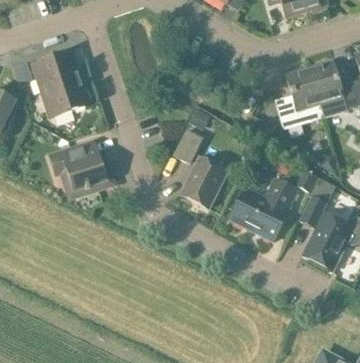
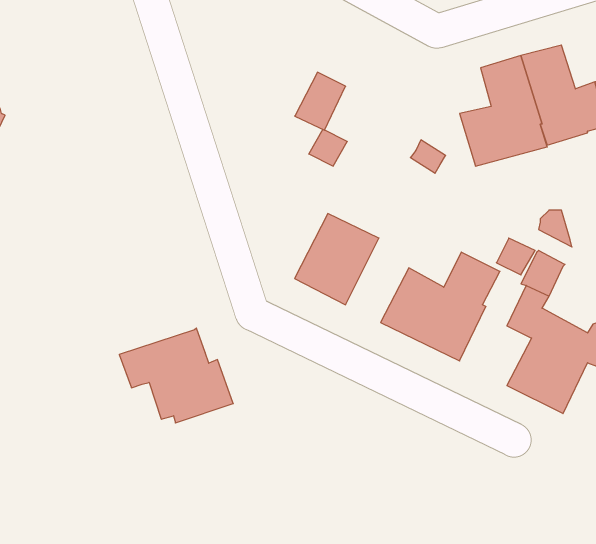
building: [33,51,89,116] -> none
building: [173,129,202,162] -> [295,72,346,130]
building: [49,140,114,194] -> [119,328,233,423]

